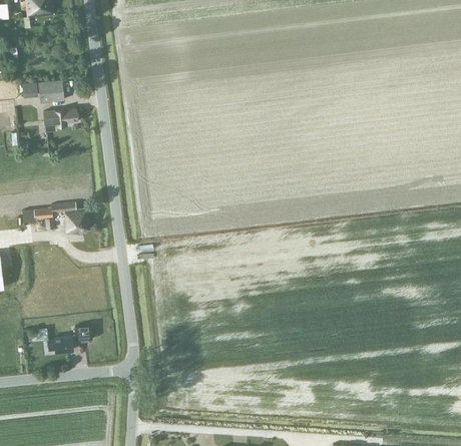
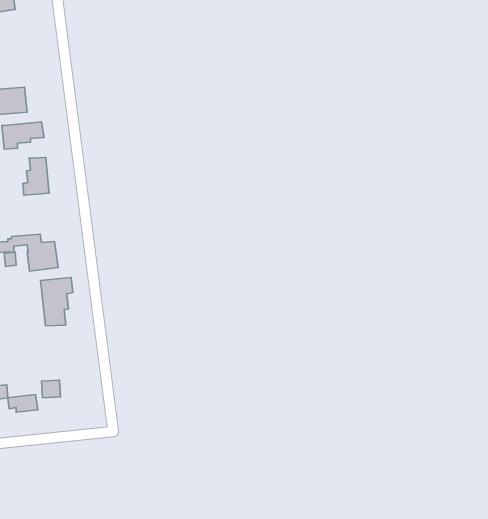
building: none -> [23,158,49,195]
building: none -> [40,277,73,326]

